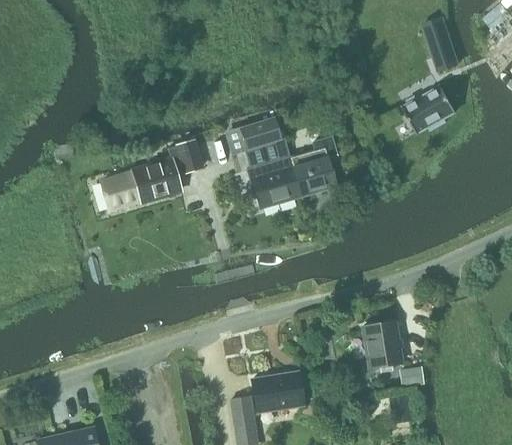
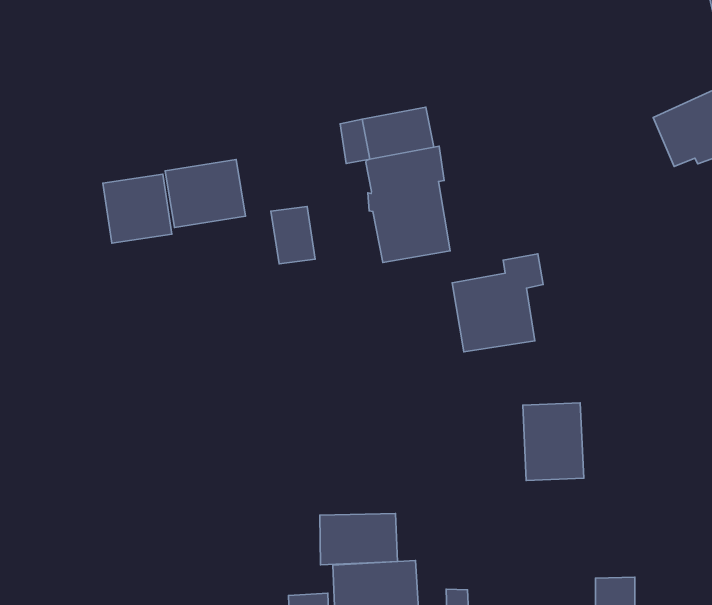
building: [286,135,337,195] -> [452,254,543,352]
building: [175,140,203,174] -> [271,206,315,264]
building: [362,321,401,368] -> [523,403,584,480]
building: none -> [320,513,397,565]

